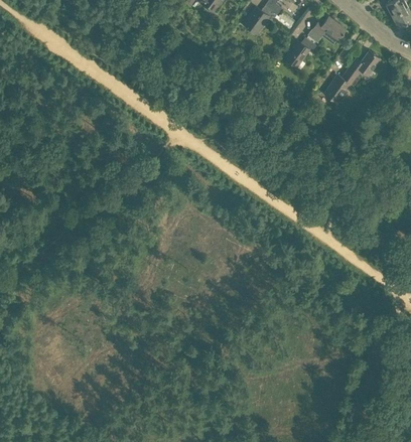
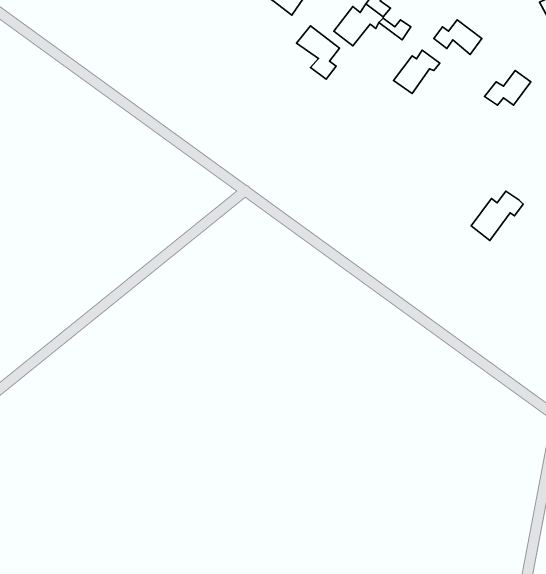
building: none -> [297,26,340,79]
building: [324,69,361,104] -> [471,191,523,240]

